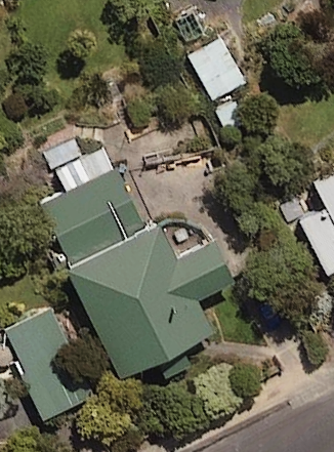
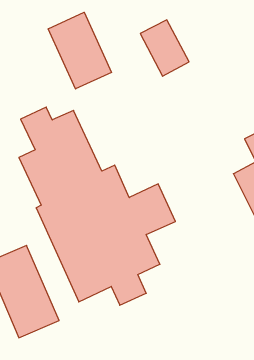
building: none -> [48,12,112,89]

